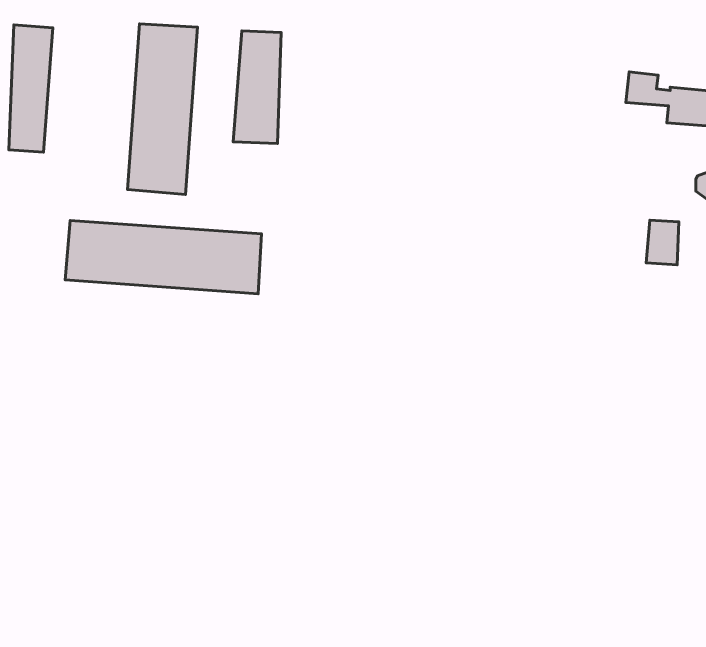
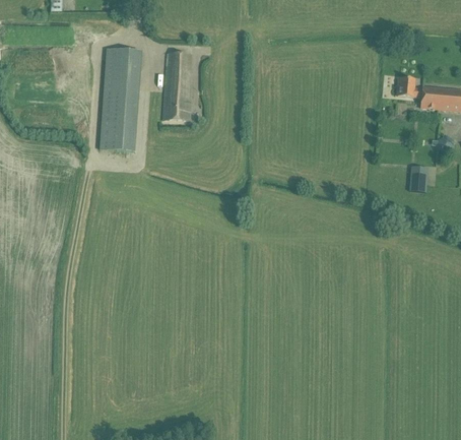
building: [9,25,53,152] -> none
building: [65,220,261,294] -> none

